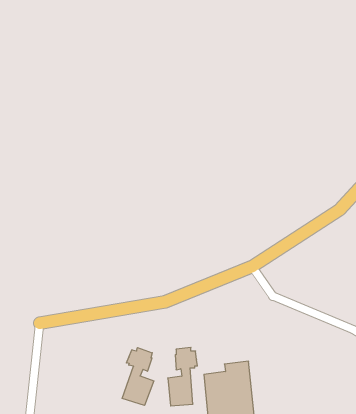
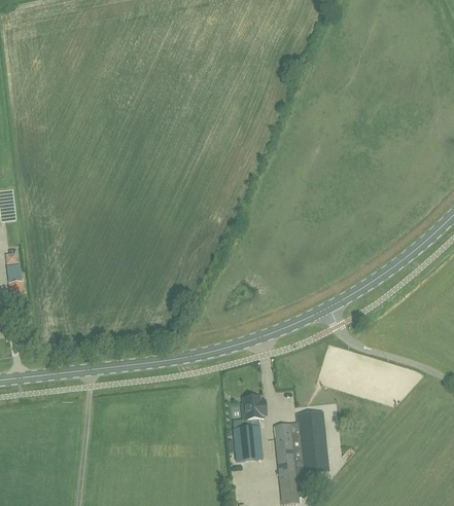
building: [122,348,154,405] -> none

